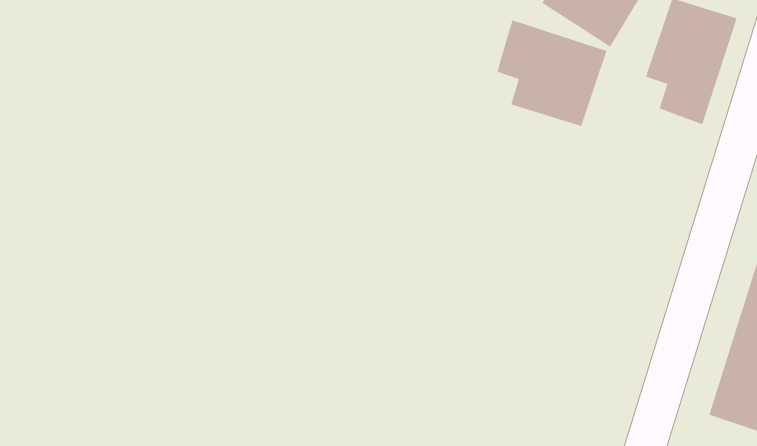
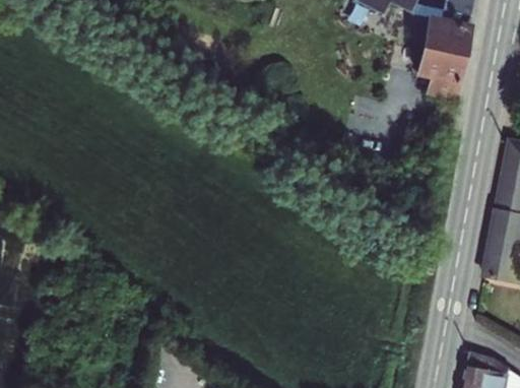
building: [497,20,607,127] -> none

